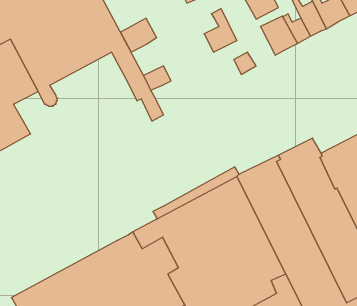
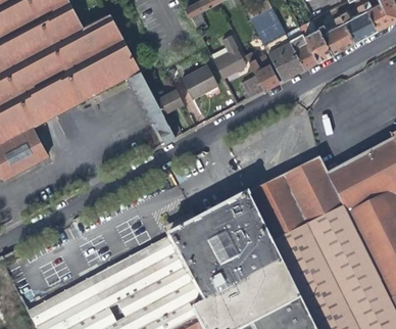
building: [120,18,157,52] -> [182,65,216,98]
building: none -> [244,52,279,90]

